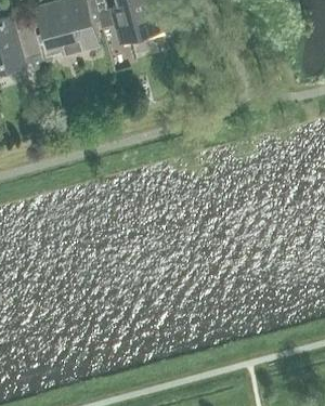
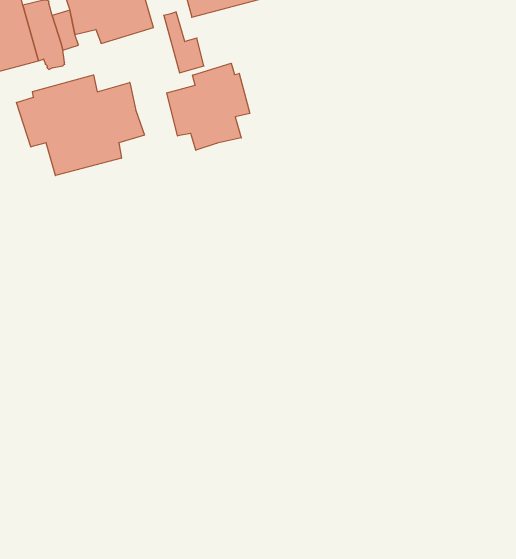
building: none -> [167,63,250,150]
building: none -> [16,75,145,176]

